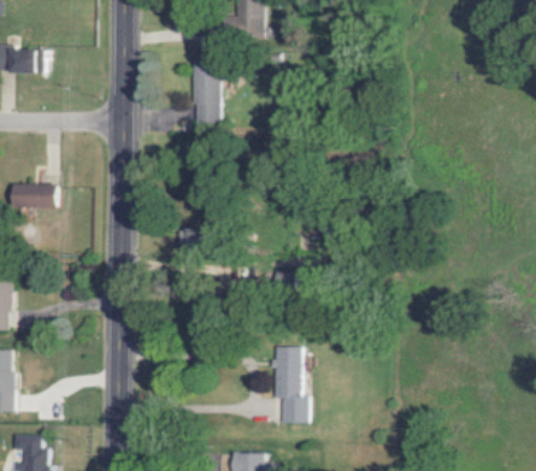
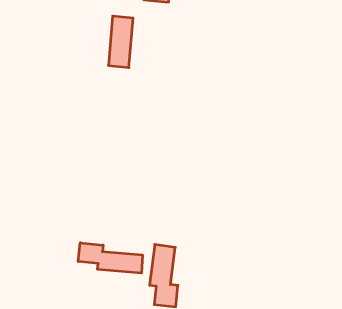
building: none -> [78,243,142,273]

